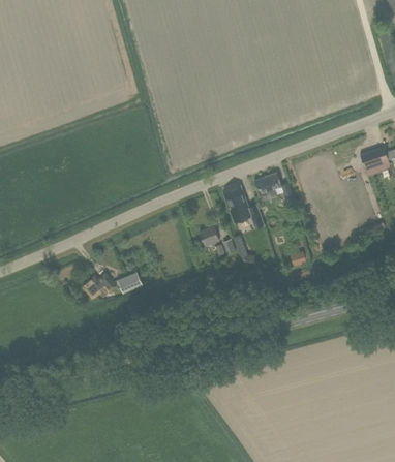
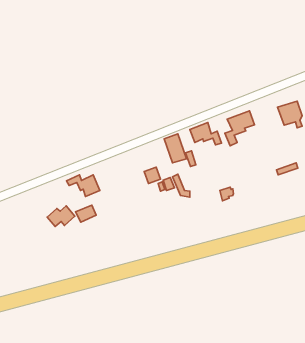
building: none -> [225,111,254,146]
building: none -> [66,175,100,196]

